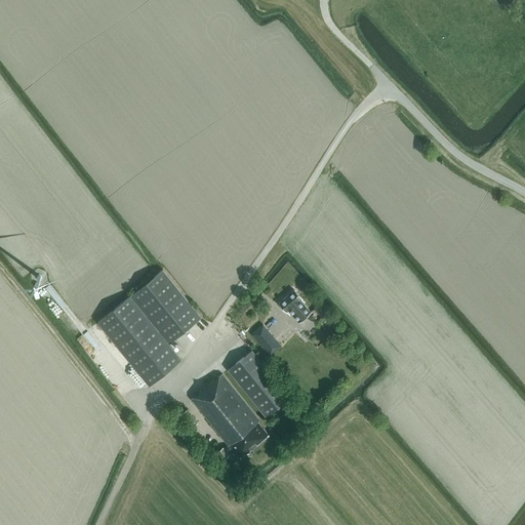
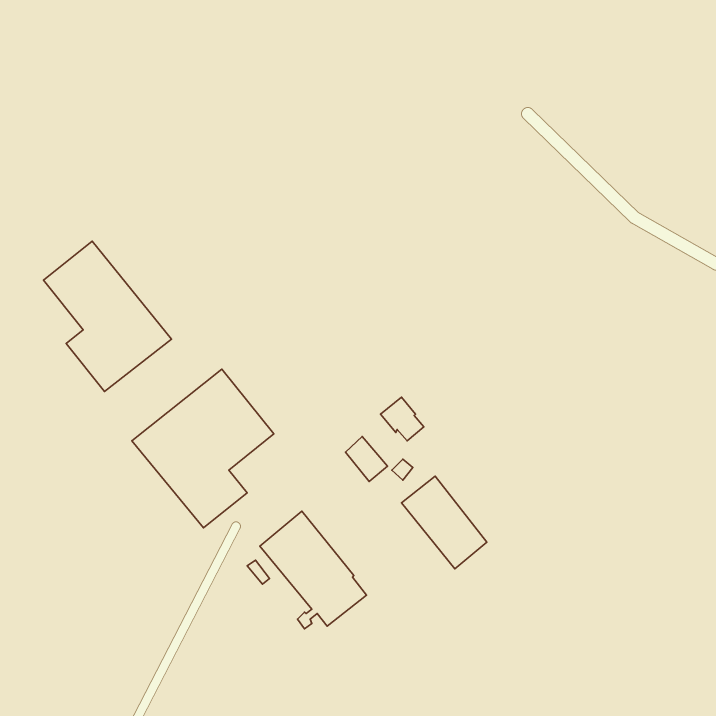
building: none -> [43,241,172,391]
building: [227,351,289,418] -> [401,476,487,569]

